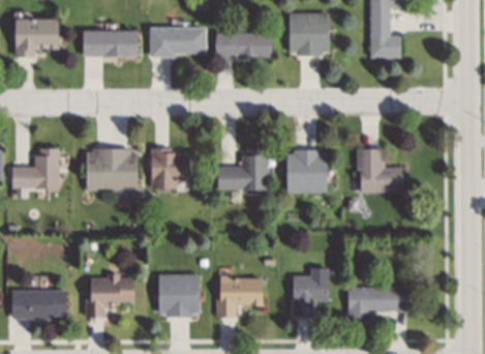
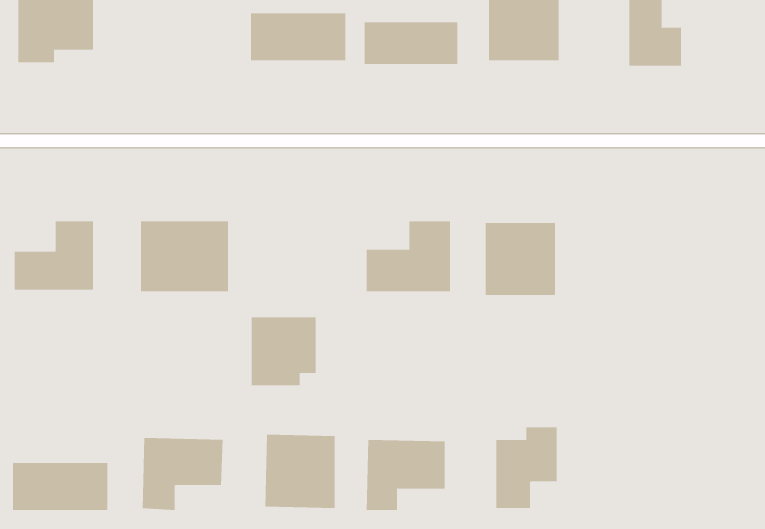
building: [82,31,138,57] -> none
building: [151,149,189,189] -> [251,317,317,386]
building: [359,150,403,193] -> none
building: [347,287,407,318] -> none

